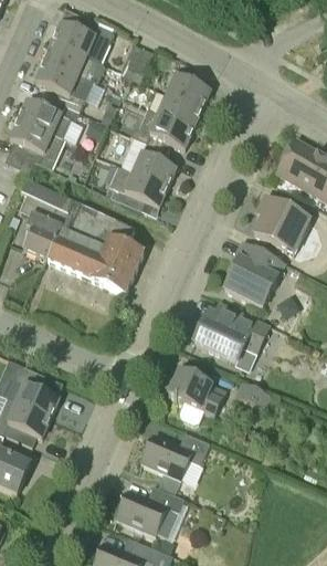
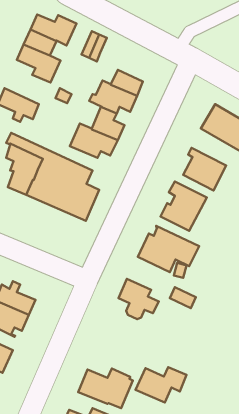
building: [167,65,209,109] -> none
building: [18,98,78,139] -> none
building: [140,432,208,479] -> [135,367,187,403]

